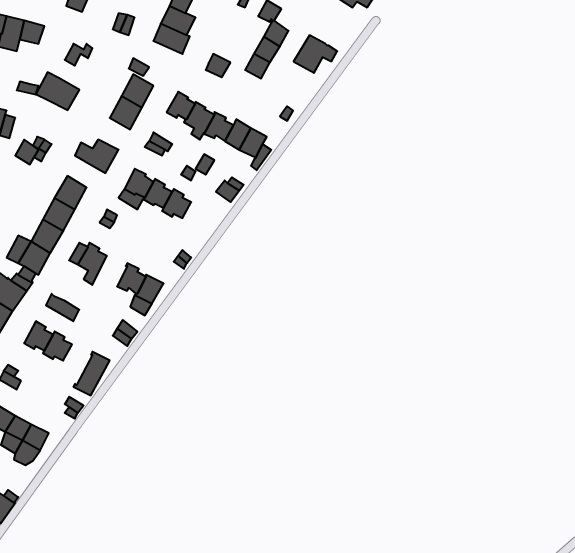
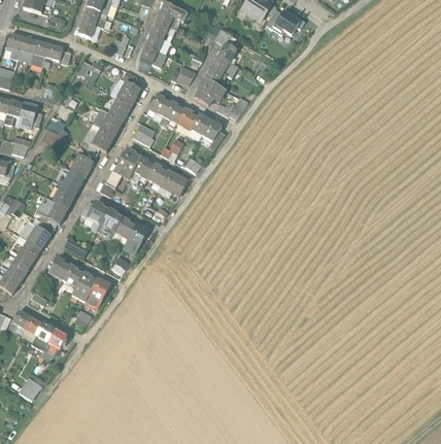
building: [294,35,337,73] -> [194,78,225,105]
building: [36,72,79,110] -> [93,108,124,135]
building: none -> [160,170,188,196]
building: none -> [97,208,122,238]
building: none -> [71,271,97,302]

